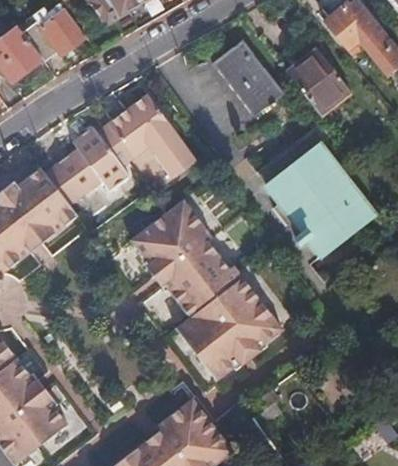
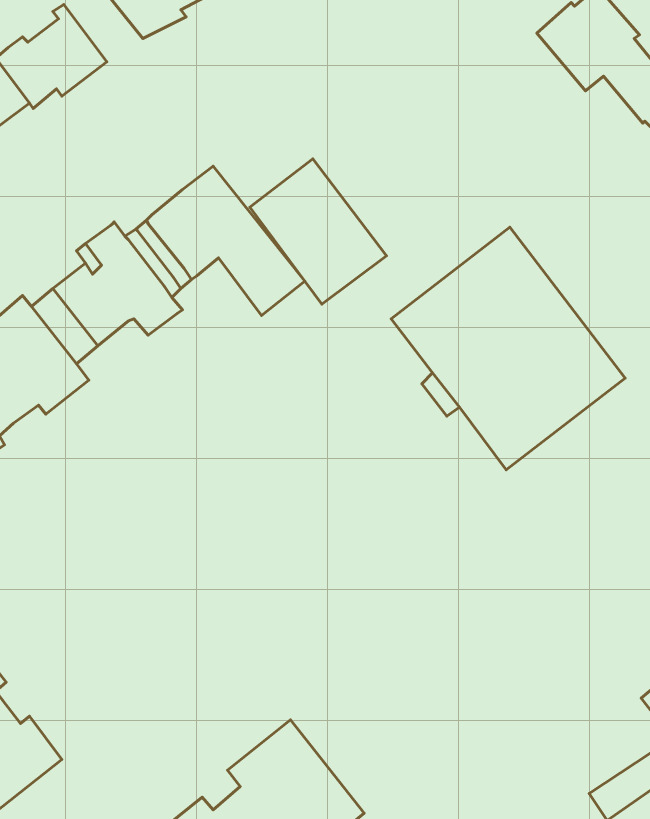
building: [209,39,285,120] -> [250,159,387,304]
building: [290,50,350,113] -> none
building: [132,201,283,385] -> none

